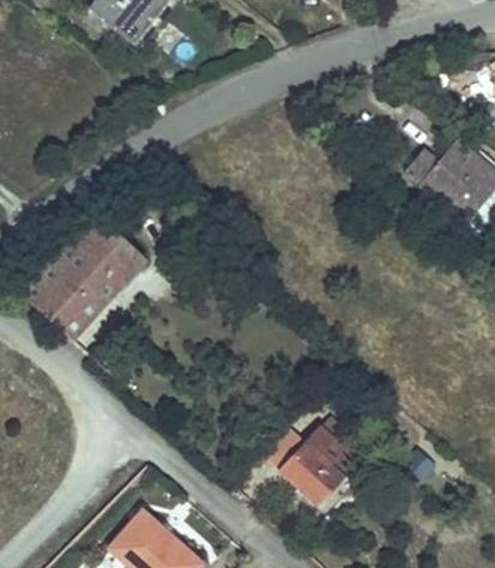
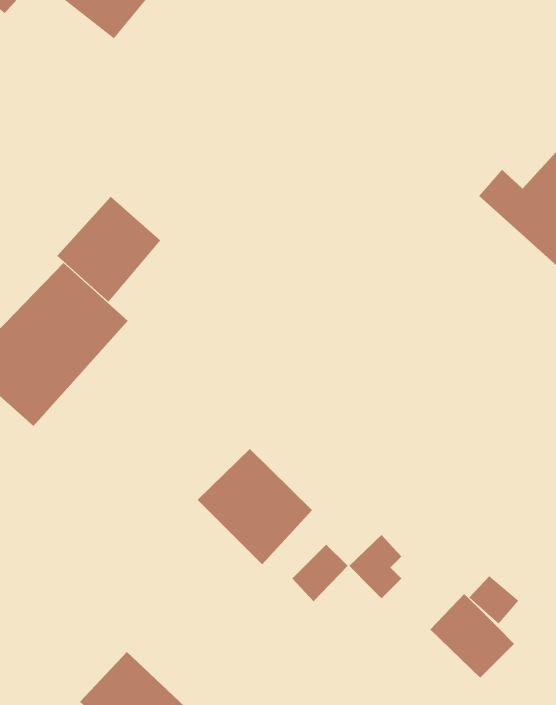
building: none -> [56,196,161,302]
building: none -> [197,448,313,565]
building: [284,443,349,508] -> [429,593,515,678]

